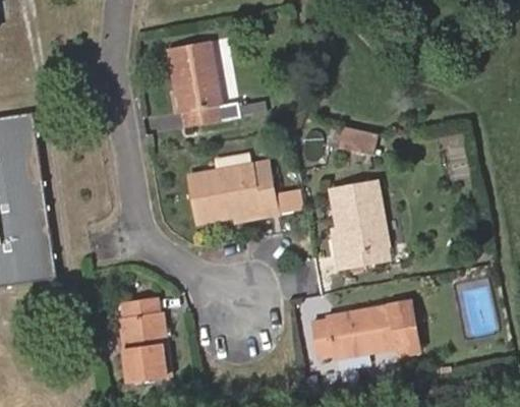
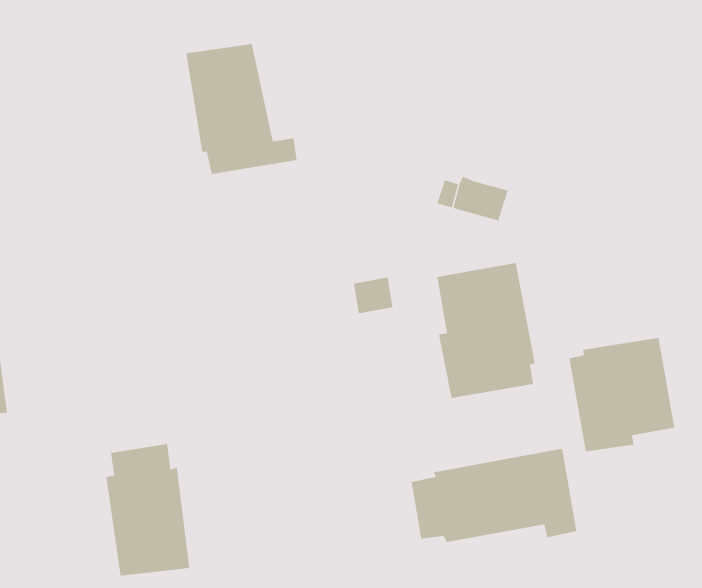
building: [188,160,276,223] -> none
building: none -> [569,337,675,452]

